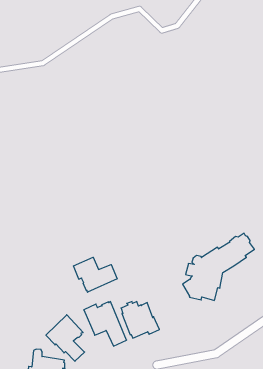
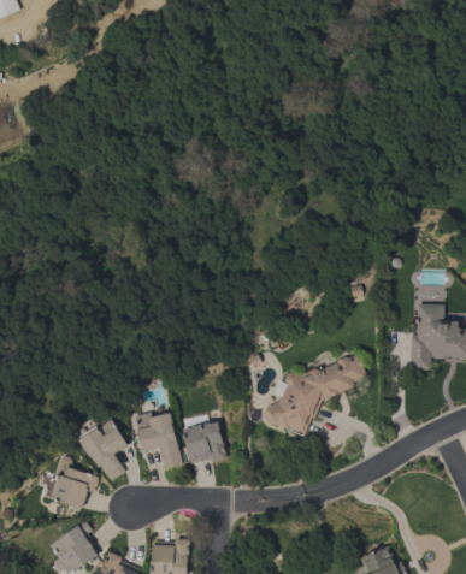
building: [74,257,117,292] -> none

